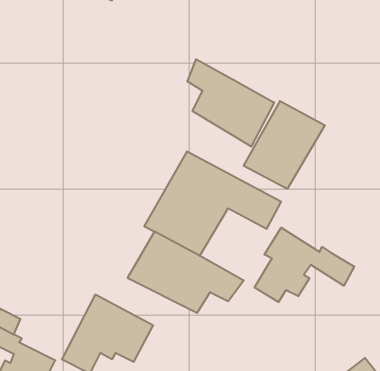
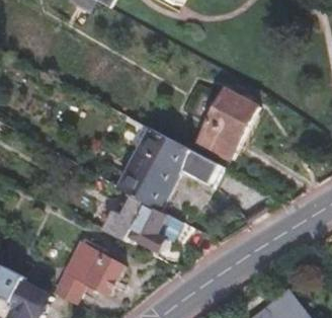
building: [187,59,274,147] -> none
building: [255,228,354,302] -> none

